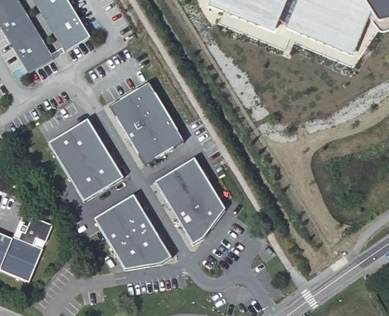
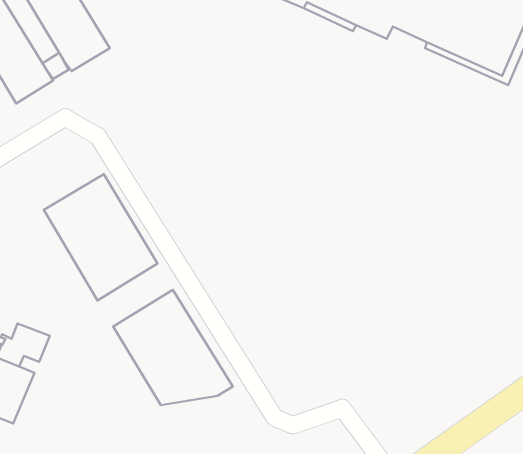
building: [108,81,183,164] -> none
building: [154,158,224,244] -> none

